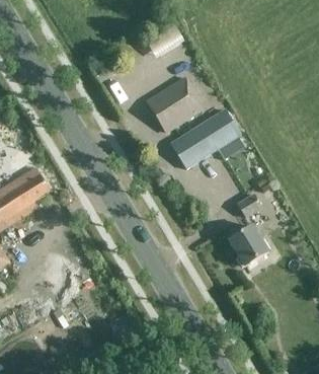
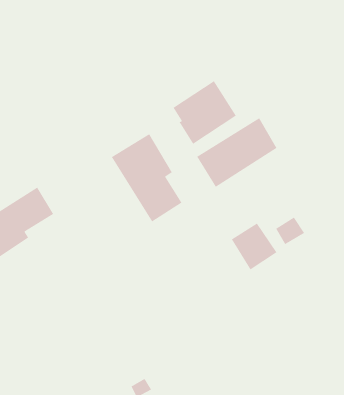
building: none -> [111,133,183,223]
building: [229,225,268,266] -> [231,223,278,270]

